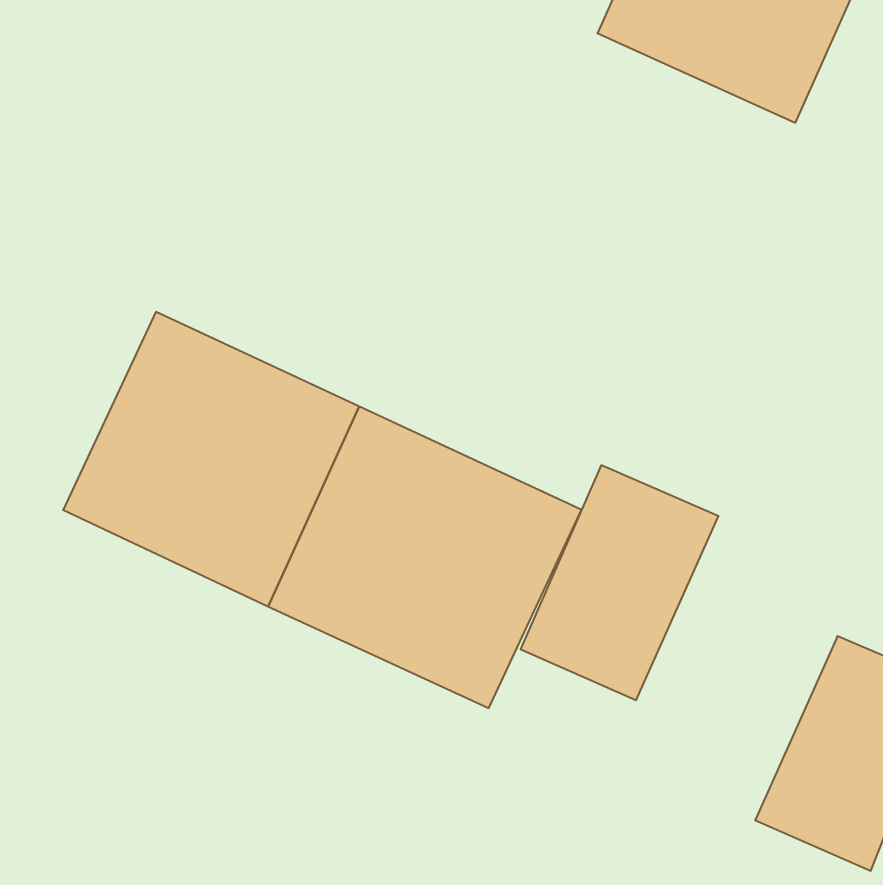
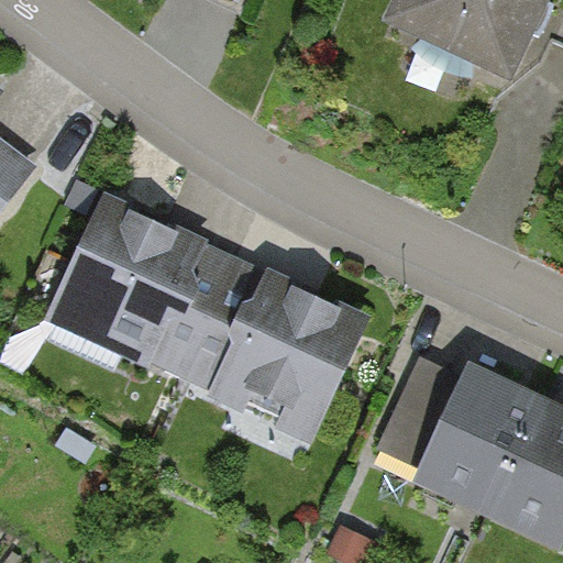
building: [521,465,719,700] -> [409,367,533,515]

